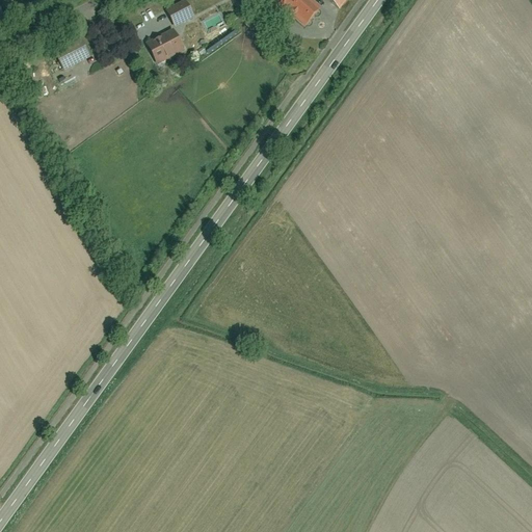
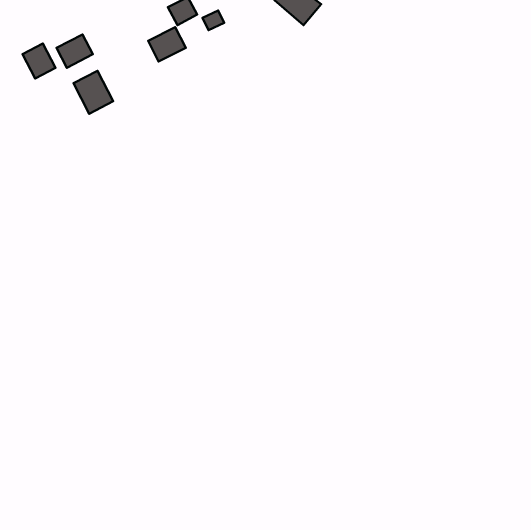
building: none -> [22,43,55,78]
building: none -> [73,71,113,114]

